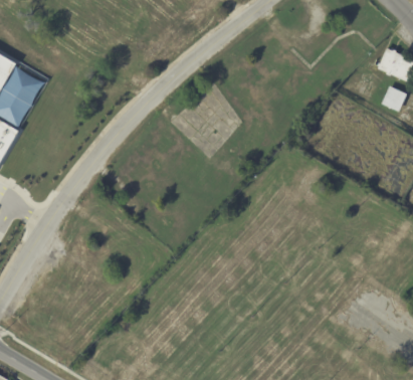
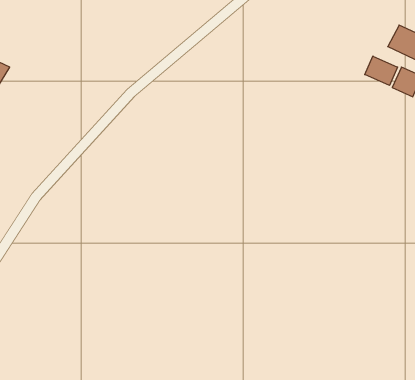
building: none -> [365,56,398,85]

